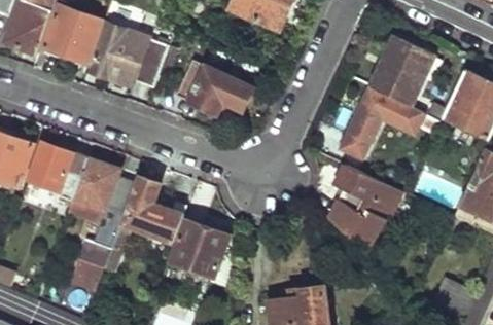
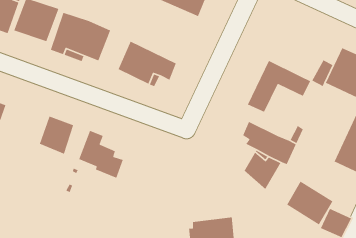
building: [369,35,435,106] -> none
building: [30,141,87,201] -> none
building: [171,217,230,274] -> none
building: [77,223,114,268] -> none
building: none -> [286,180,333,226]

